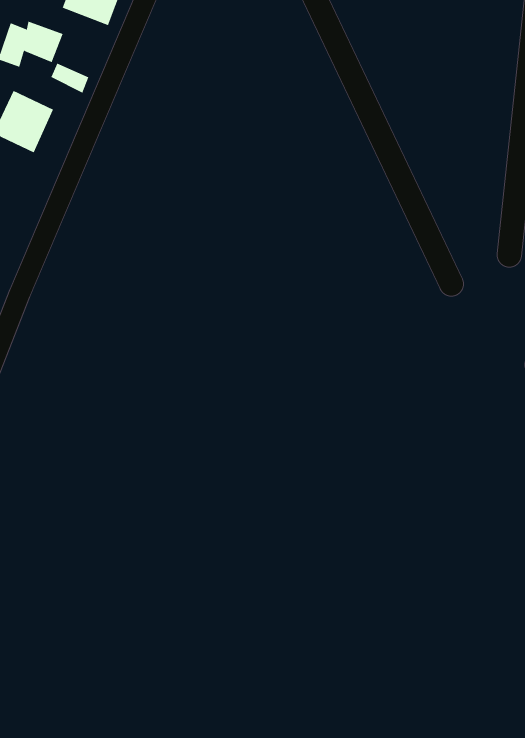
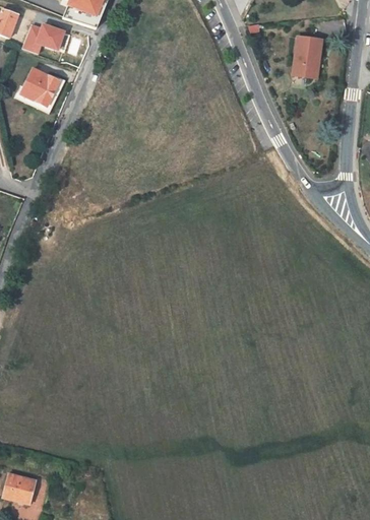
building: none -> [292,35,322,78]

